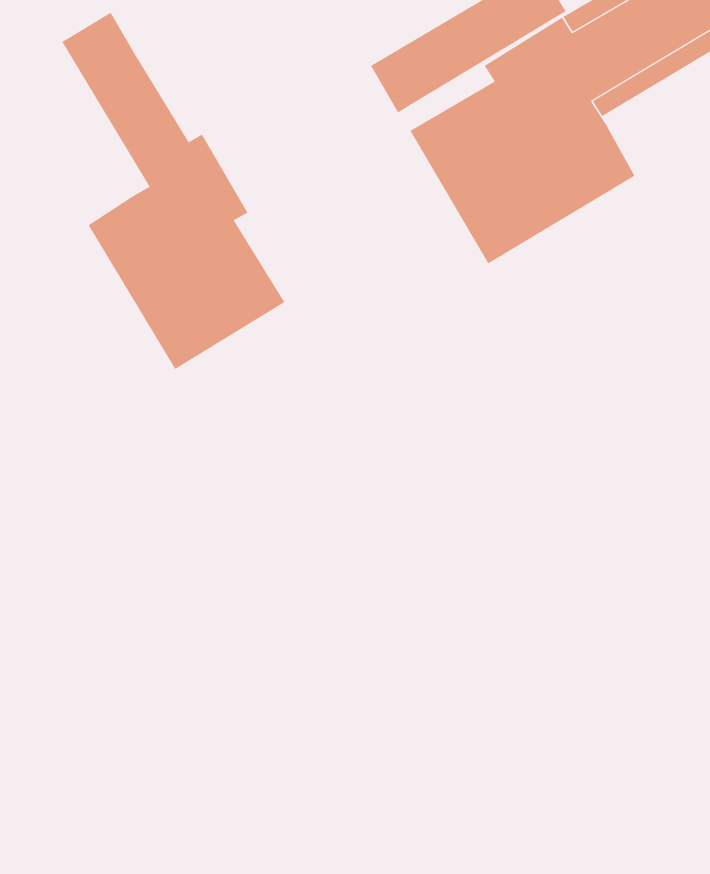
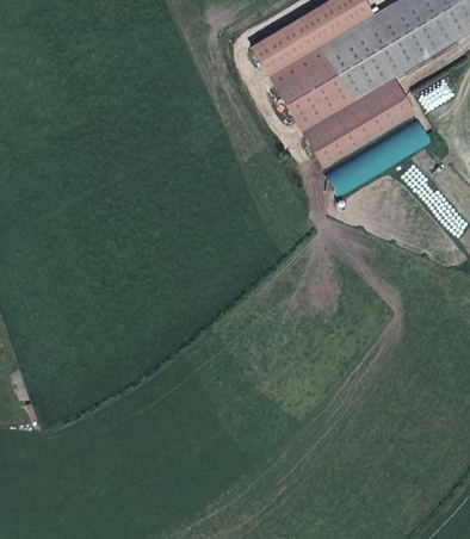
building: [62,12,285,370] -> none

